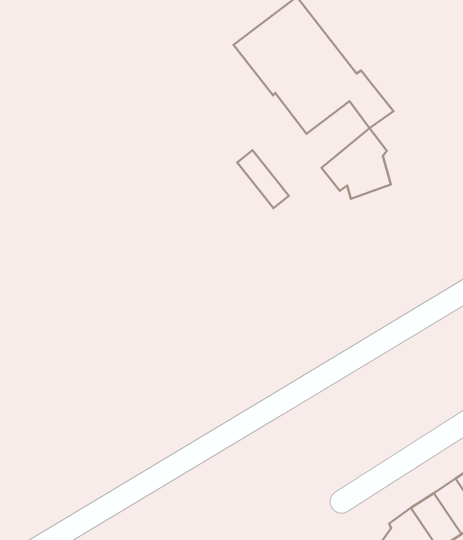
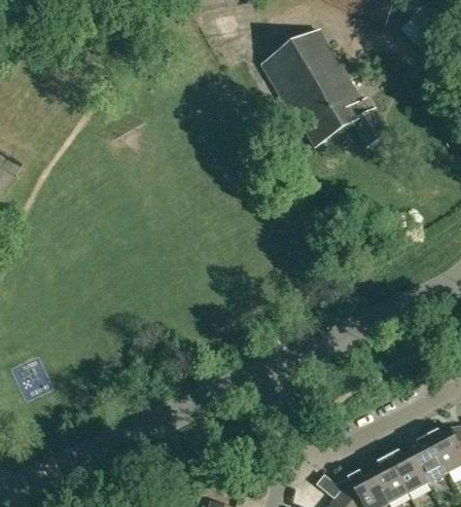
building: [322,128,391,199] -> none
building: [237,150,289,208] -> none

